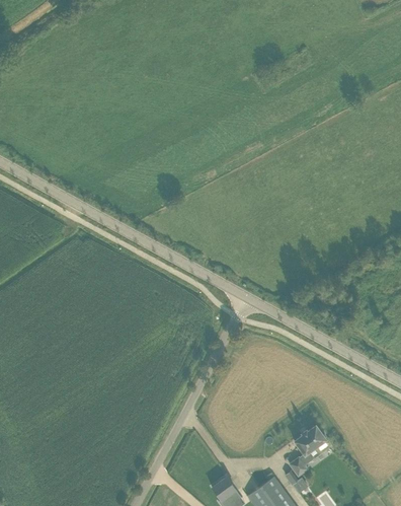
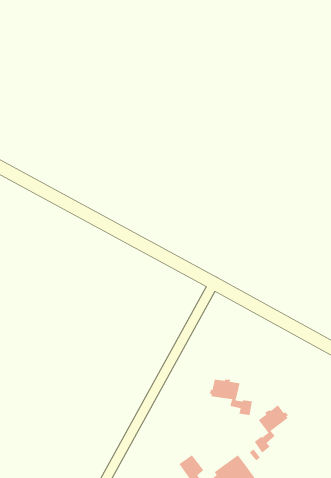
building: none -> [209,379,252,416]

